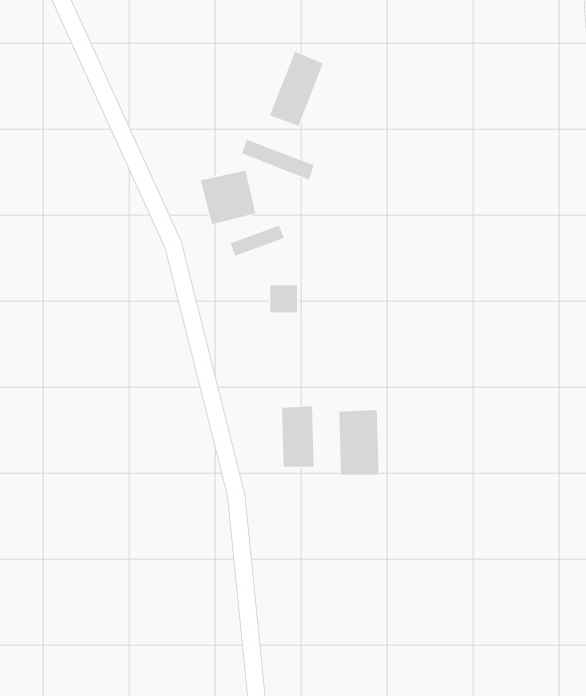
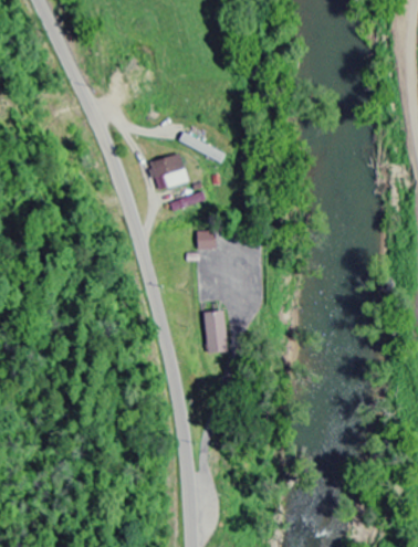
building: [269,51,324,126] -> none
building: [339,409,379,475] -> none

